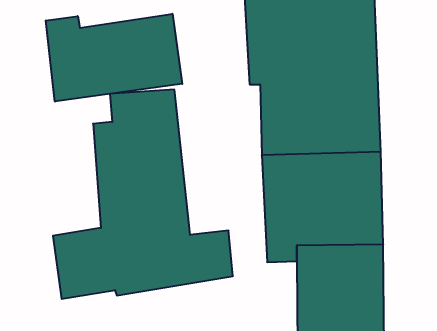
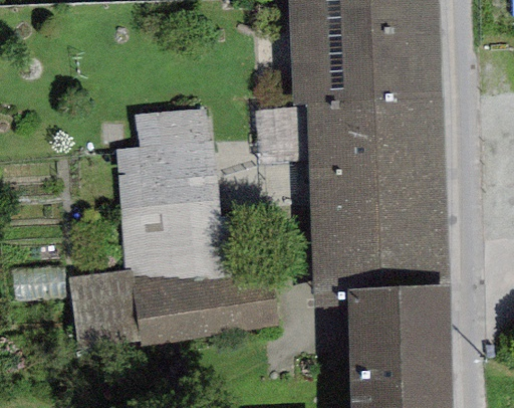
building: [46,14,182,102] -> none

